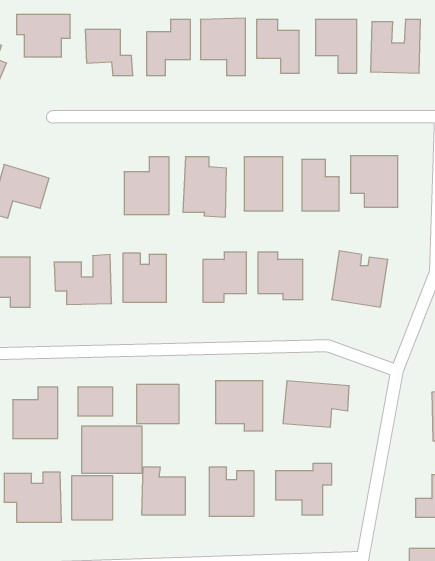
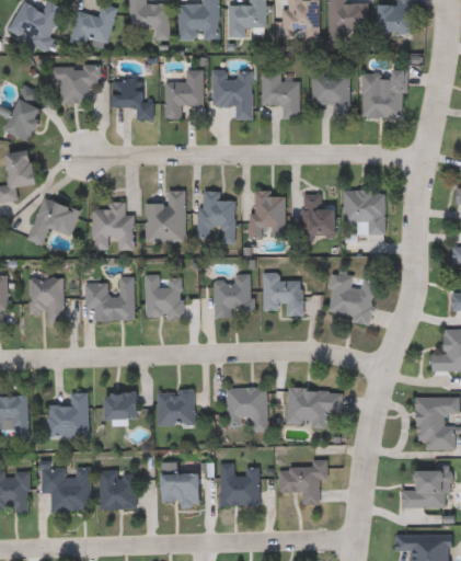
building: none -> [92,202,134,250]
building: [82,426,142,473] -> none

